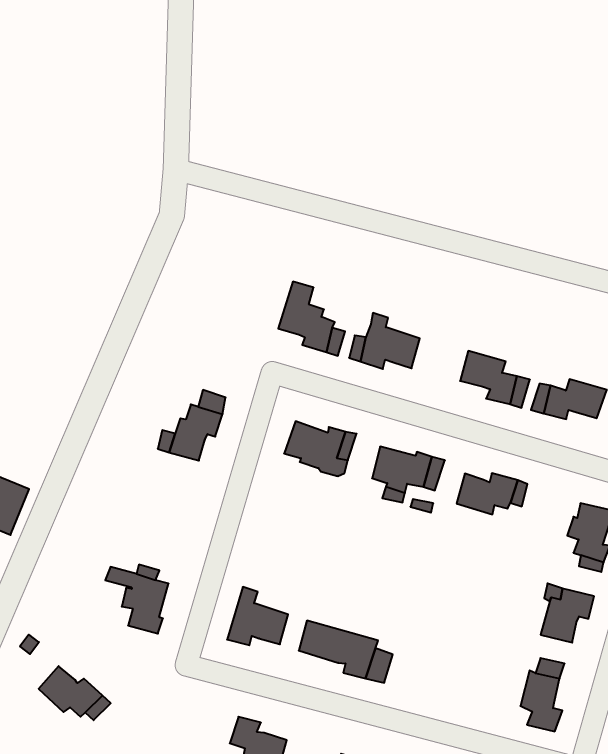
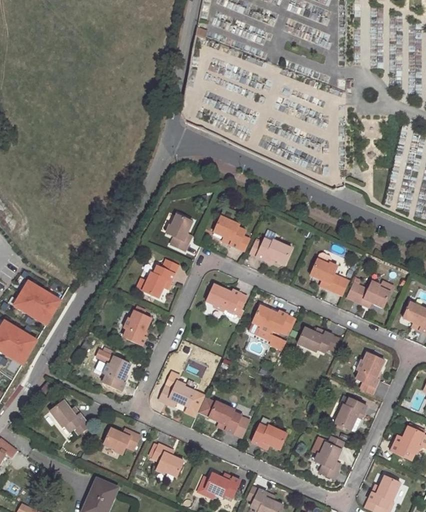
building: none -> [167,214,191,251]
building: none -> [123,310,150,345]
building: none -> [251,417,287,449]
building: none -> [103,428,139,453]

